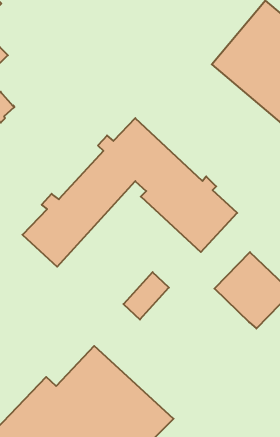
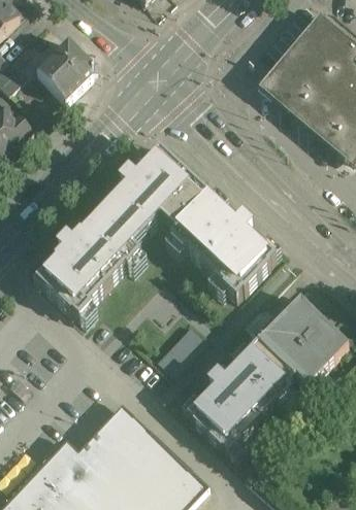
building: none -> [34,42,91,103]
building: none -> [193,341,297,447]

